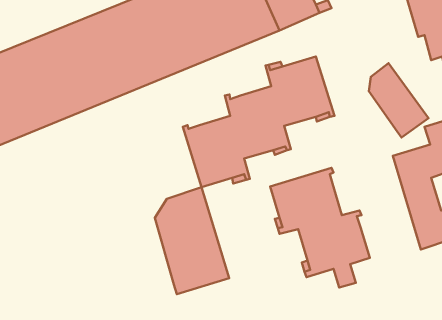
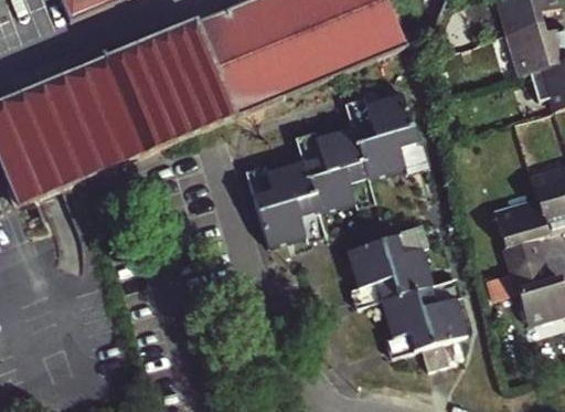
building: [369,63,428,138] -> none
building: [155,187,229,294] -> none

